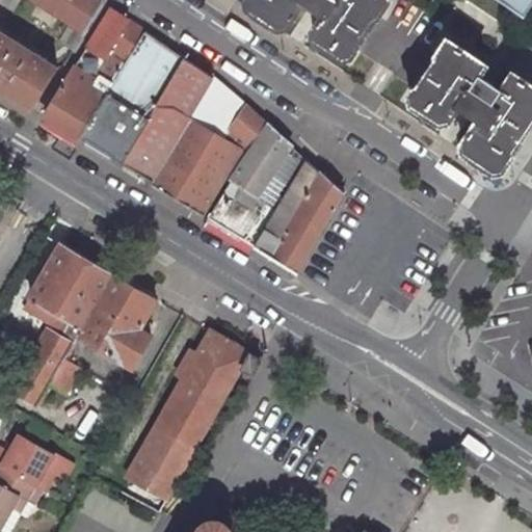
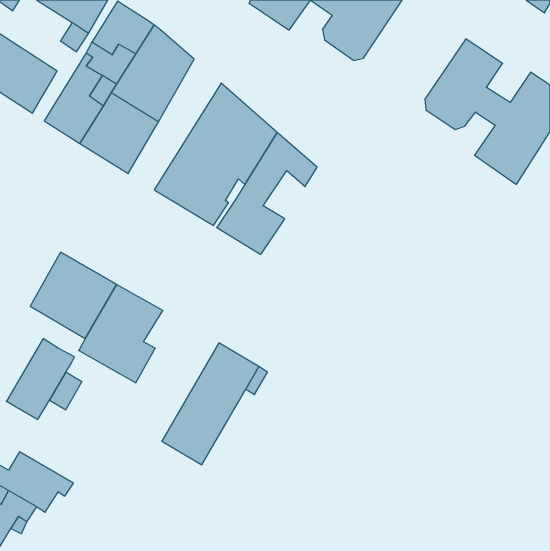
building: [124,57,213,183] -> none
building: [251,161,344,273] -> none
building: [23,295,82,344] -> none
building: [127,425,194,499] -> none

